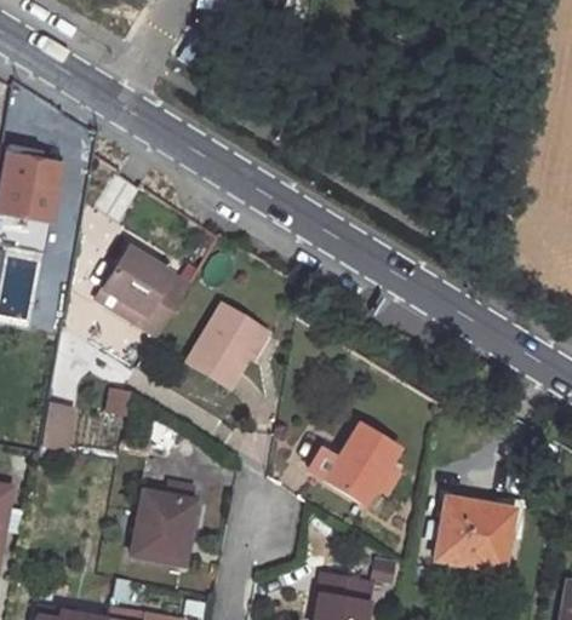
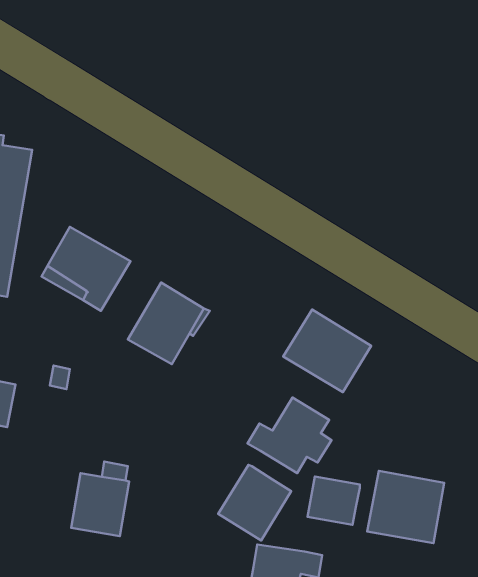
building: none -> [283,309,371,392]
building: none -> [218,465,291,540]
building: none -> [308,477,360,525]

